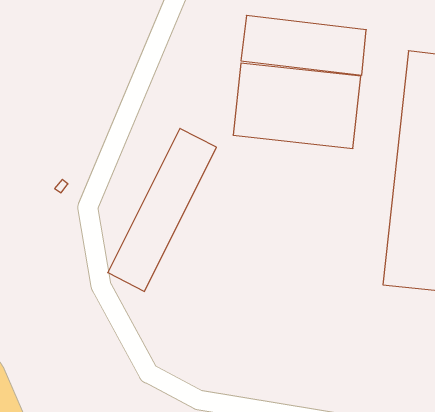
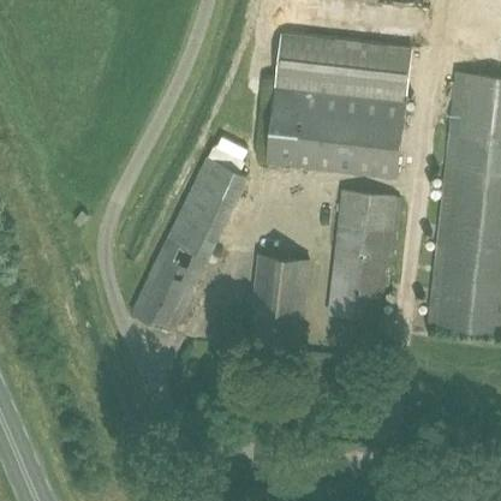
building: none -> [329,190,394,320]
building: none -> [249,255,309,347]

